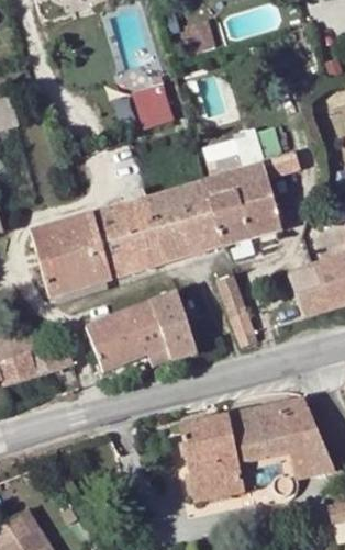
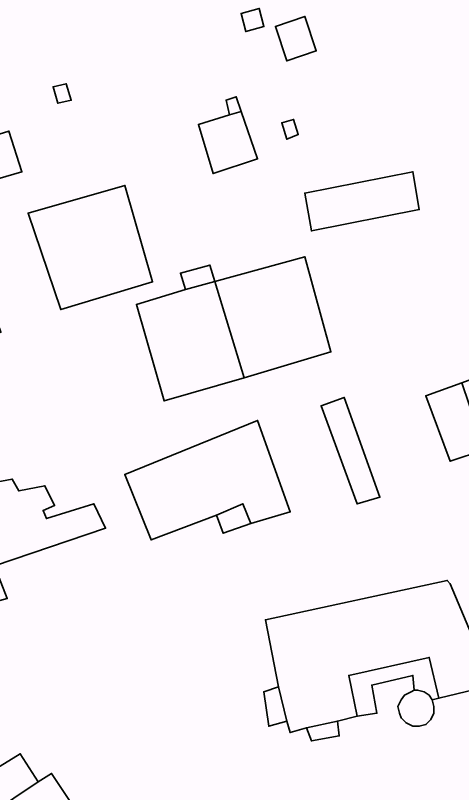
building: [207,150,300,244] -> none
building: [29,212,112,295] -> [28,185,153,310]

